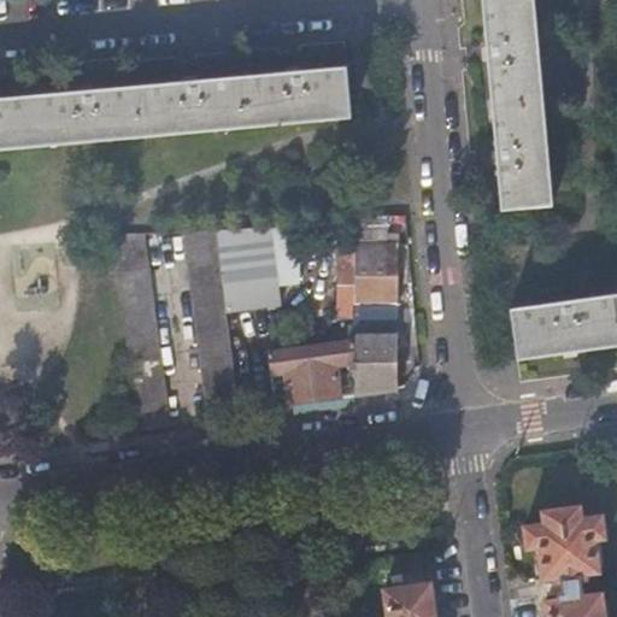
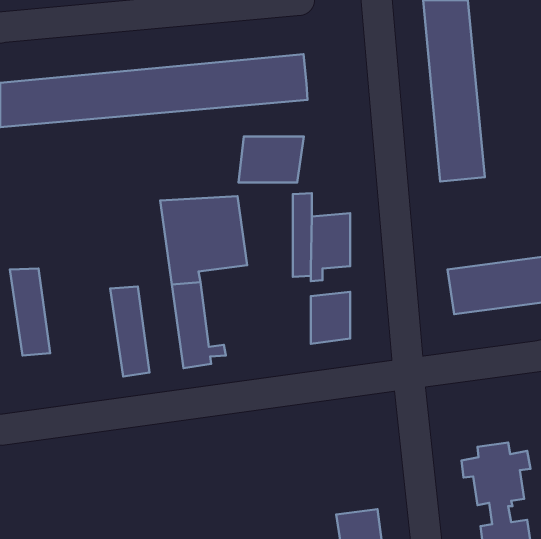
building: none -> [238,137,304,183]
building: [112,233,158,331] -> [10,268,50,355]
building: [270,343,354,404] -> none

